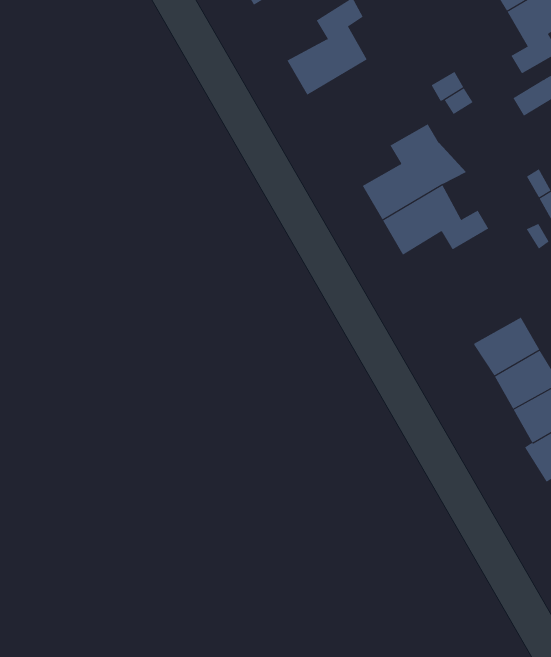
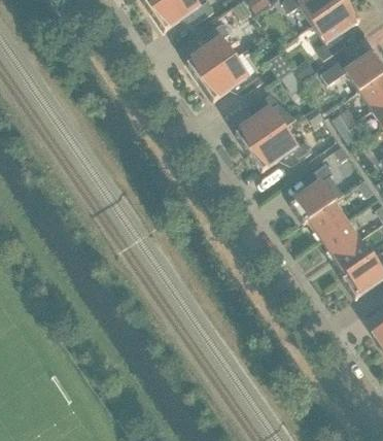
building: none -> [200,57,264,100]
building: none -> [290,162,344,222]

